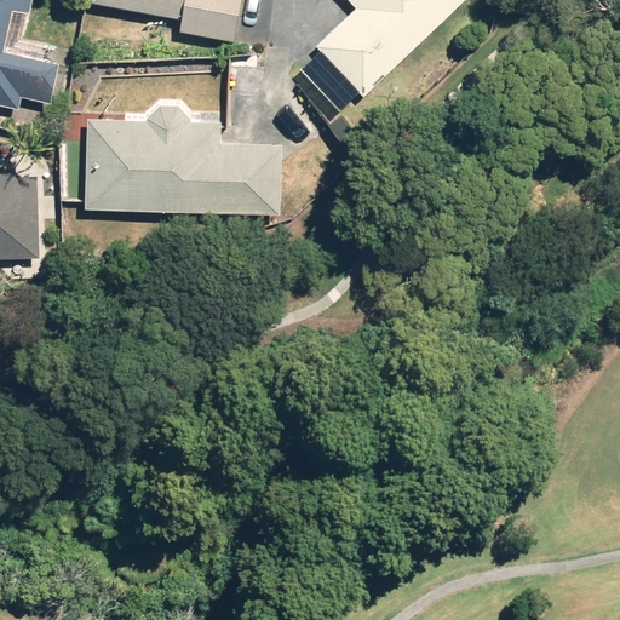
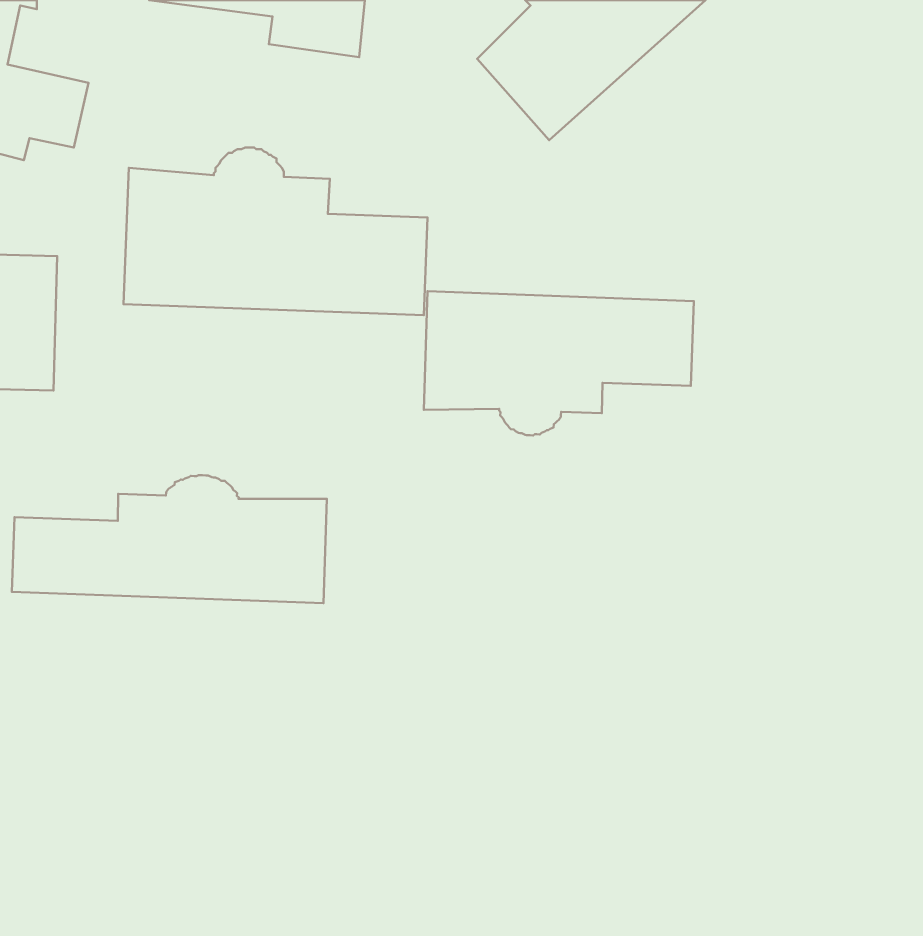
building: none -> [424,291,694,436]
building: none -> [12,475,327,603]

